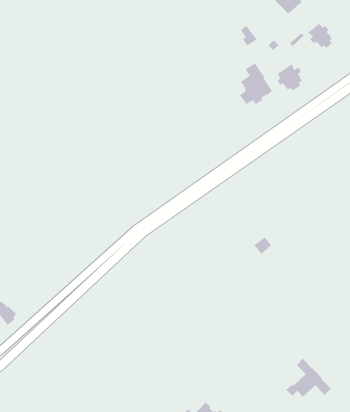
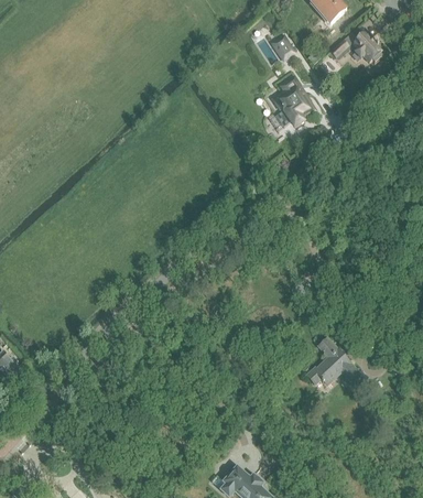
building: [277,63,302,91] -> none
building: [286,358,332,397] -> [306,338,359,383]

